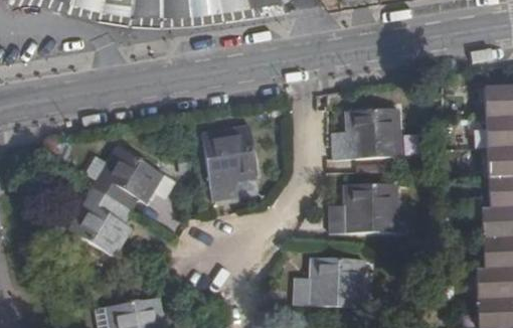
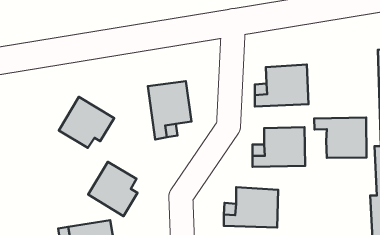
building: none -> [314,118,366,158]
building: [70,189,131,256] -> [88,162,137,216]

